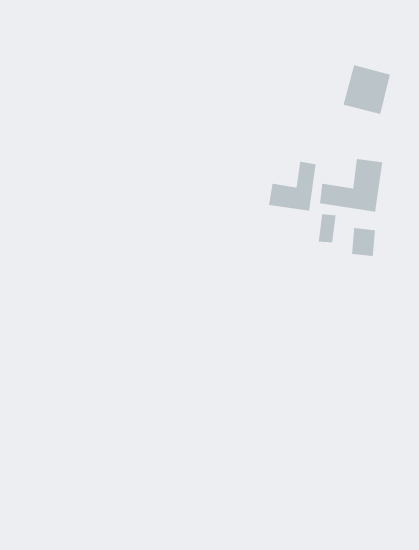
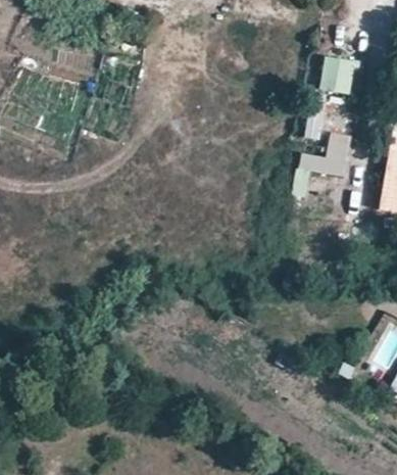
building: [268,161,317,212] -> none

